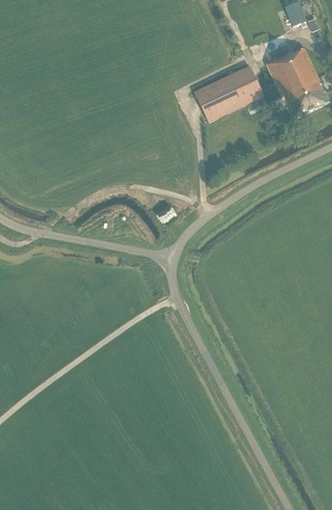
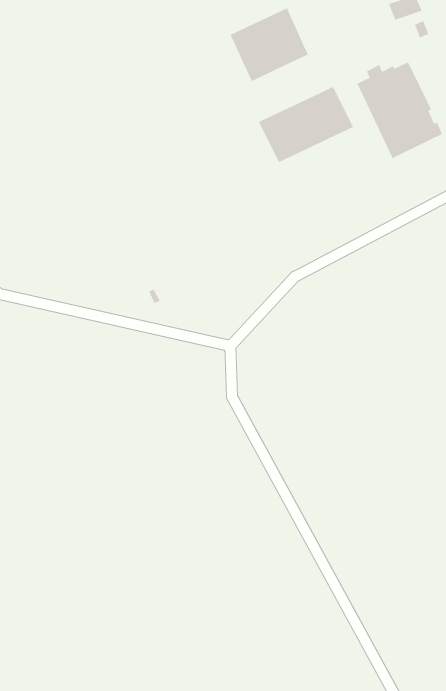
building: none -> [230,8,309,82]

